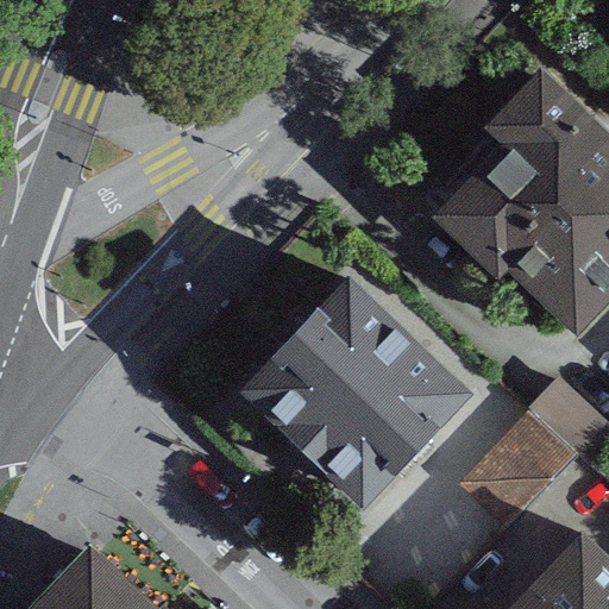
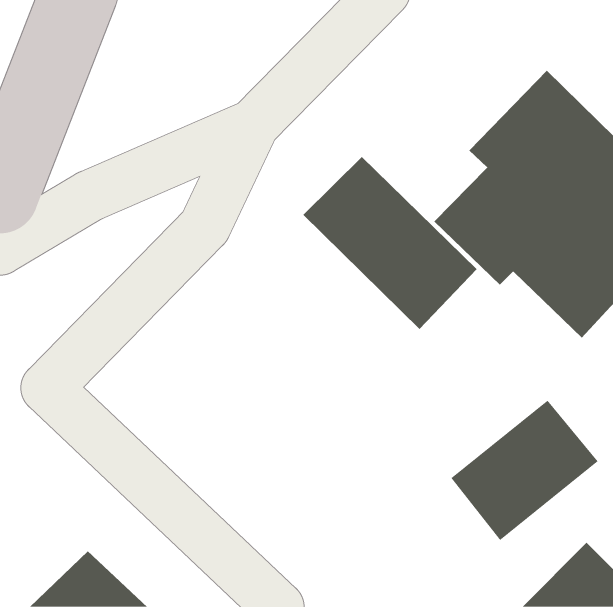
building: none -> [302,156,477,330]
building: [239,278,475,513] -> none

